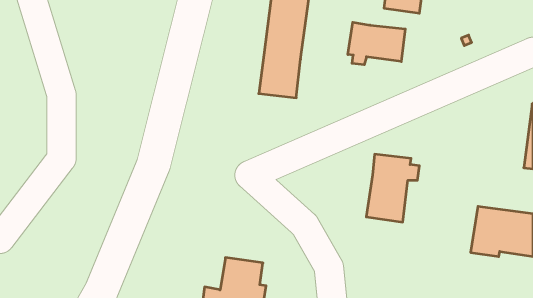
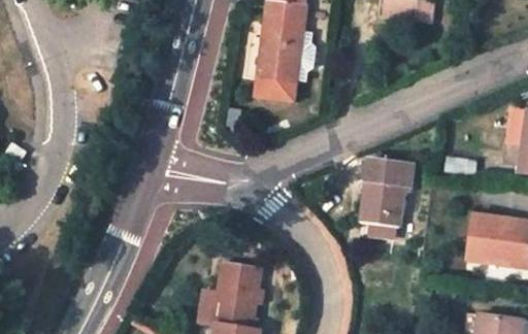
building: [348,22,405,65] -> none

